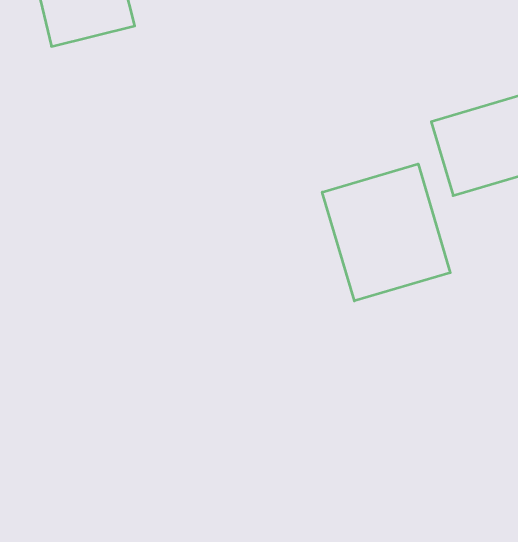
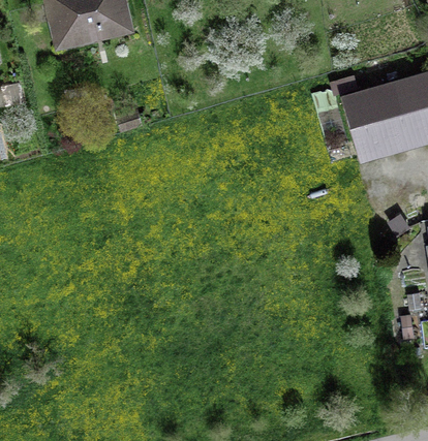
building: [322,164,450,301] -> none

